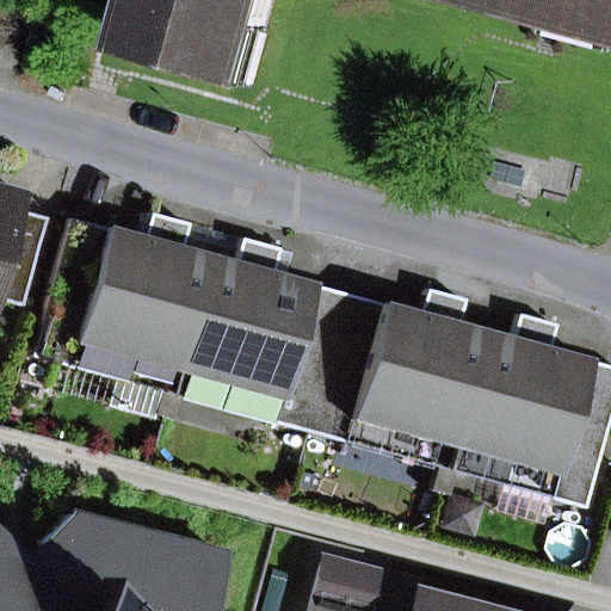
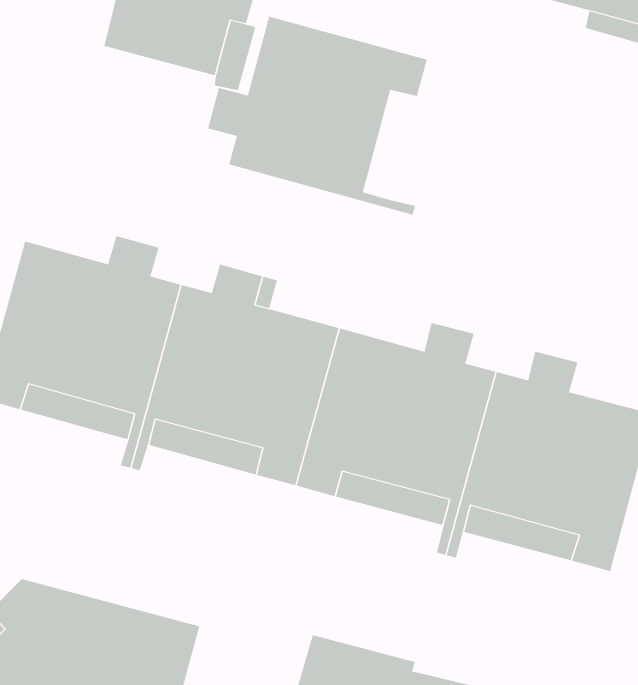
building: none -> [208,16,427,216]

